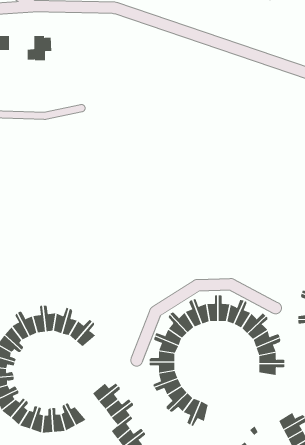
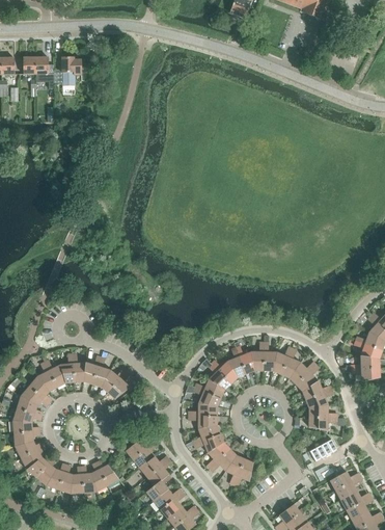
building: none -> [35,57,54,88]

